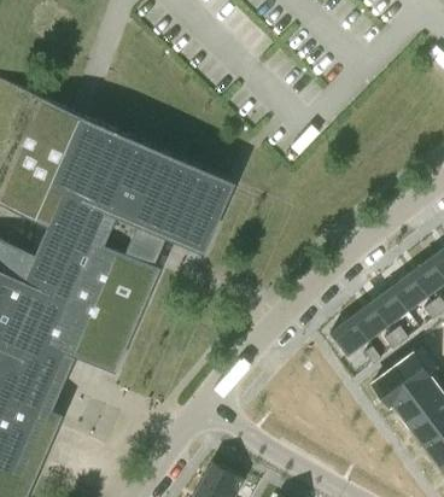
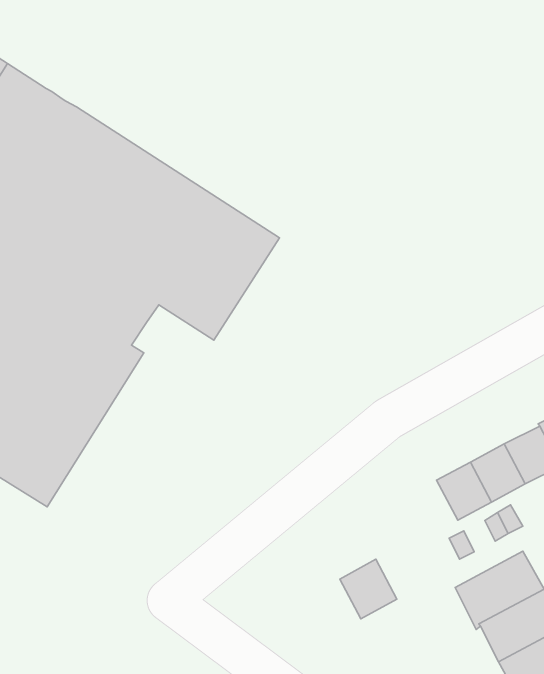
building: [337,323,374,362] -> [340,559,397,619]

